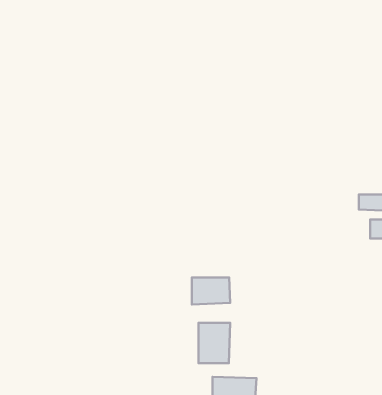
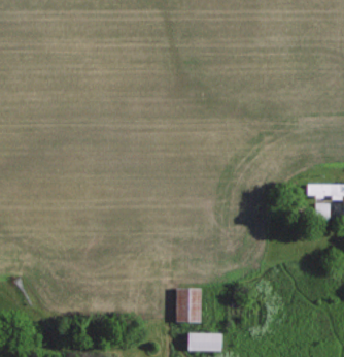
building: [192,278,230,305] -> none

